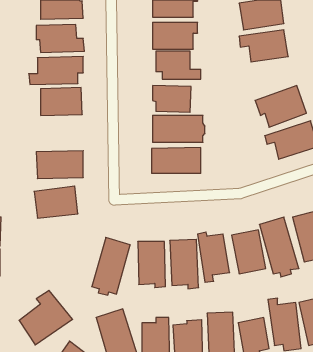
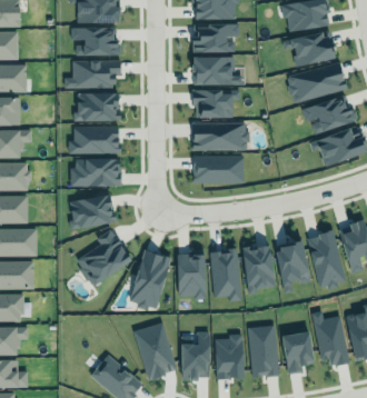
building: none -> [287,60,347,102]
building: none -> [69,126,120,155]
building: [19,290,73,345] -> [78,227,133,283]

